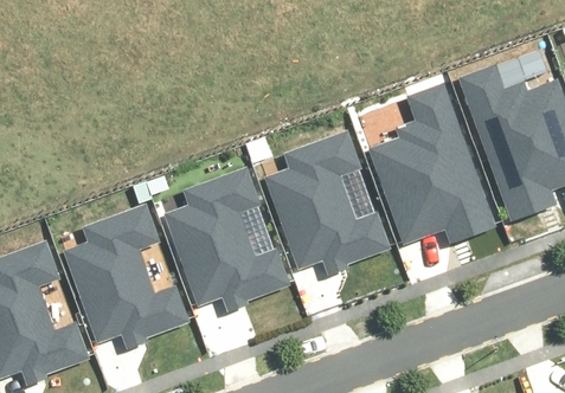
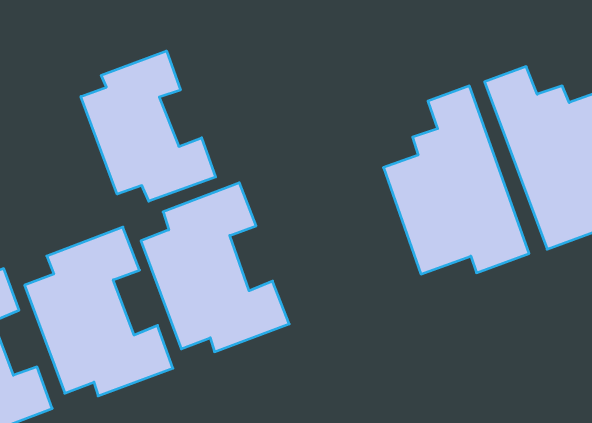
building: none -> [81,51,216,201]
building: [262,129,390,272] -> none

